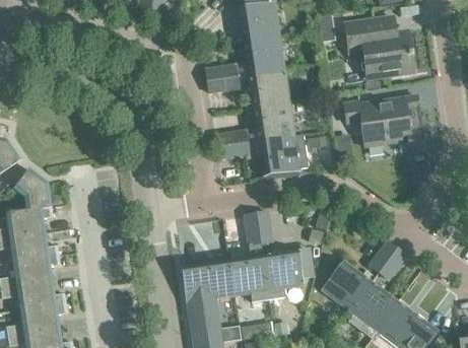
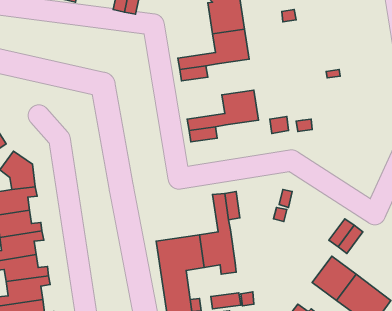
building: [345,17,413,78] -> none
building: [249,69,288,108] -> none
building: [343,95,425,154] -> none
building: [258,135,298,173] -> none
building: [263,249,302,289] -> none
building: [324,262,373,310] -> none

